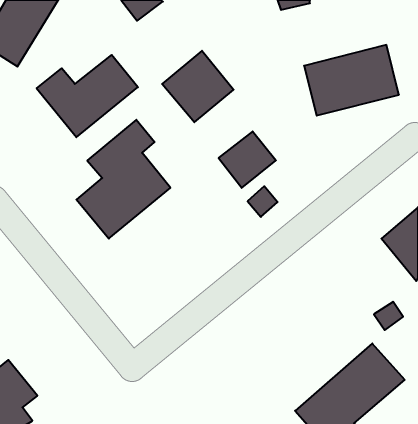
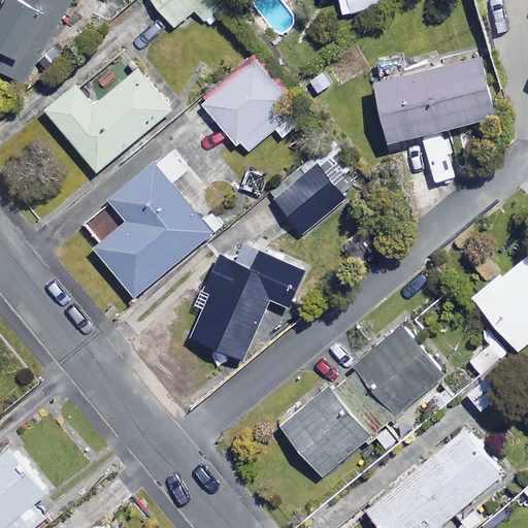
building: none -> [190,243,307,360]
building: none -> [282,328,444,475]

